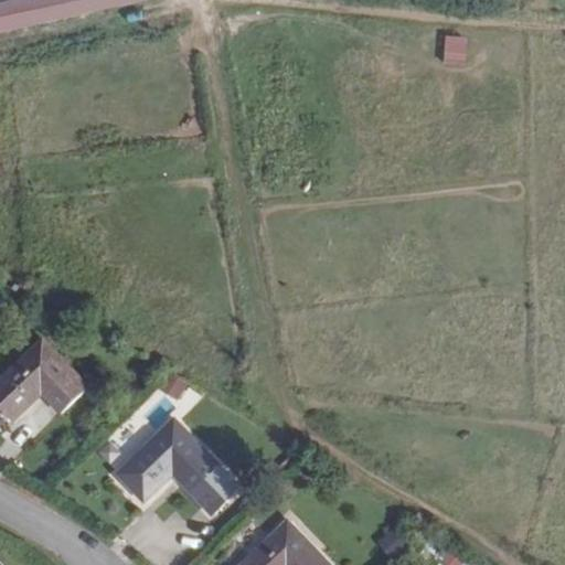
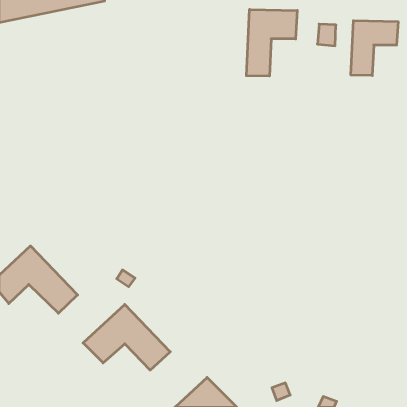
building: none -> [246,9,297,76]
building: none -> [351,21,398,76]

